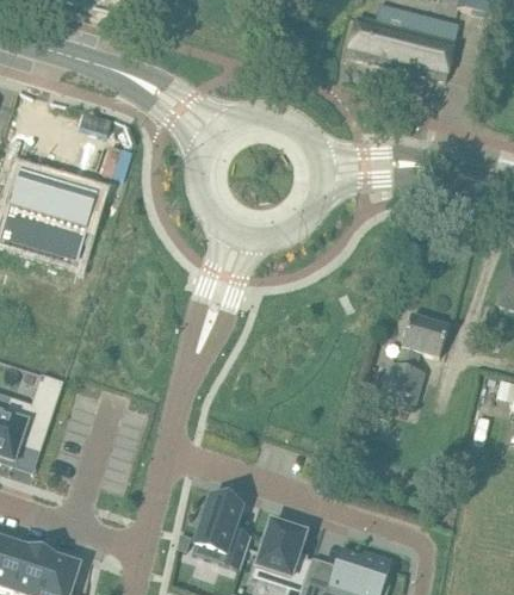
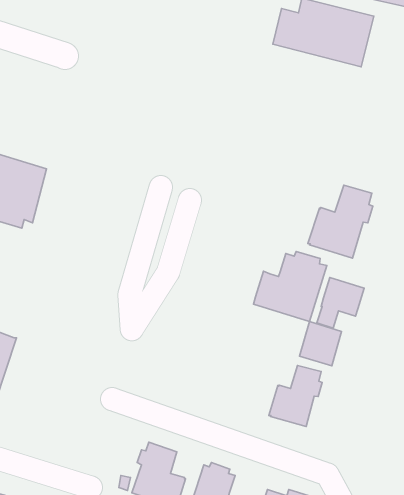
building: none -> [308,185,373,258]
building: none -> [253,251,327,322]
building: none -> [269,366,322,427]

